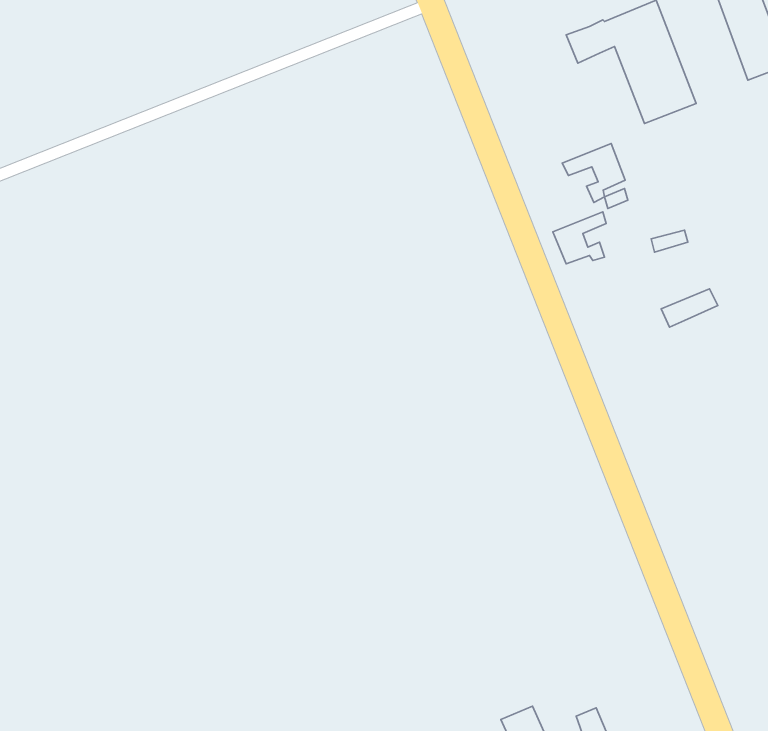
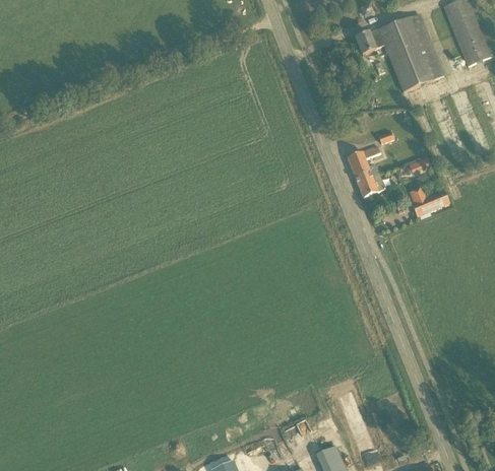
building: [562,144,625,203] -> none
building: none -> [356,173,385,199]

